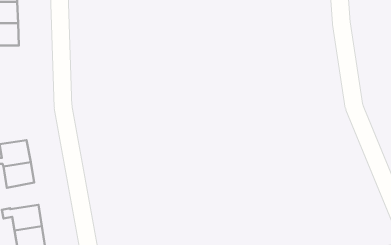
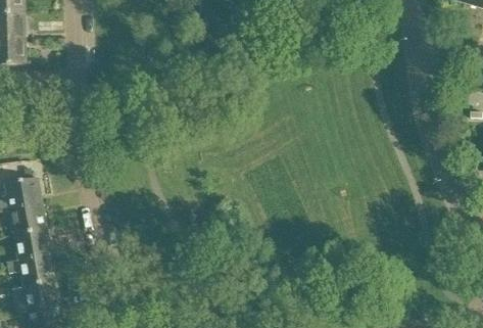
building: none -> [11,230,49,262]

